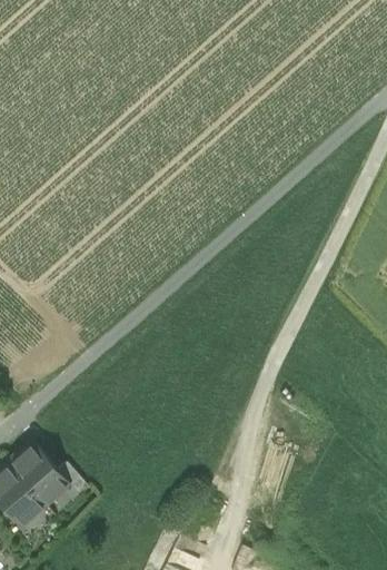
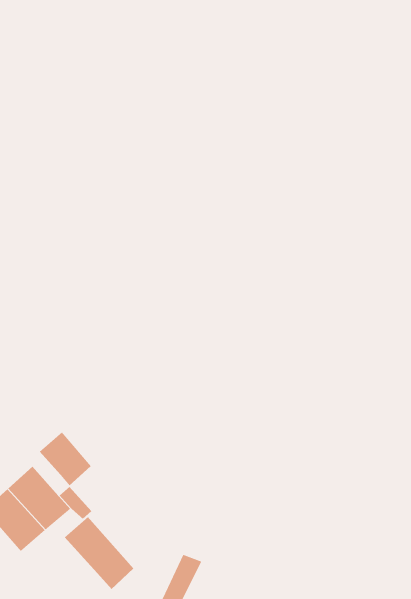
building: none -> [39,431,91,486]
building: none -> [64,516,134,590]

